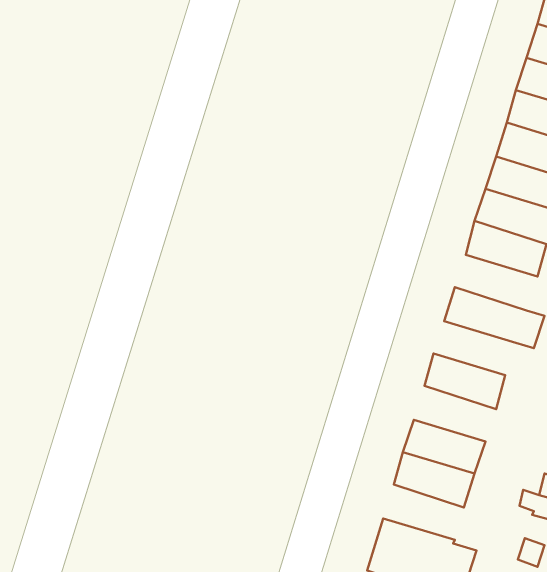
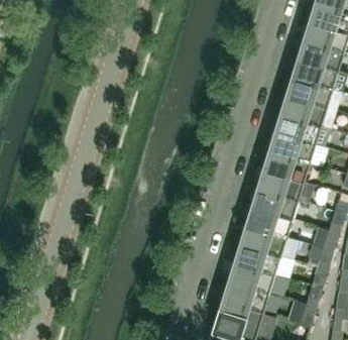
building: none -> [263,150,310,182]
building: none -> [251,188,298,218]
building: none -> [240,224,286,255]
building: none -> [223,279,268,311]

